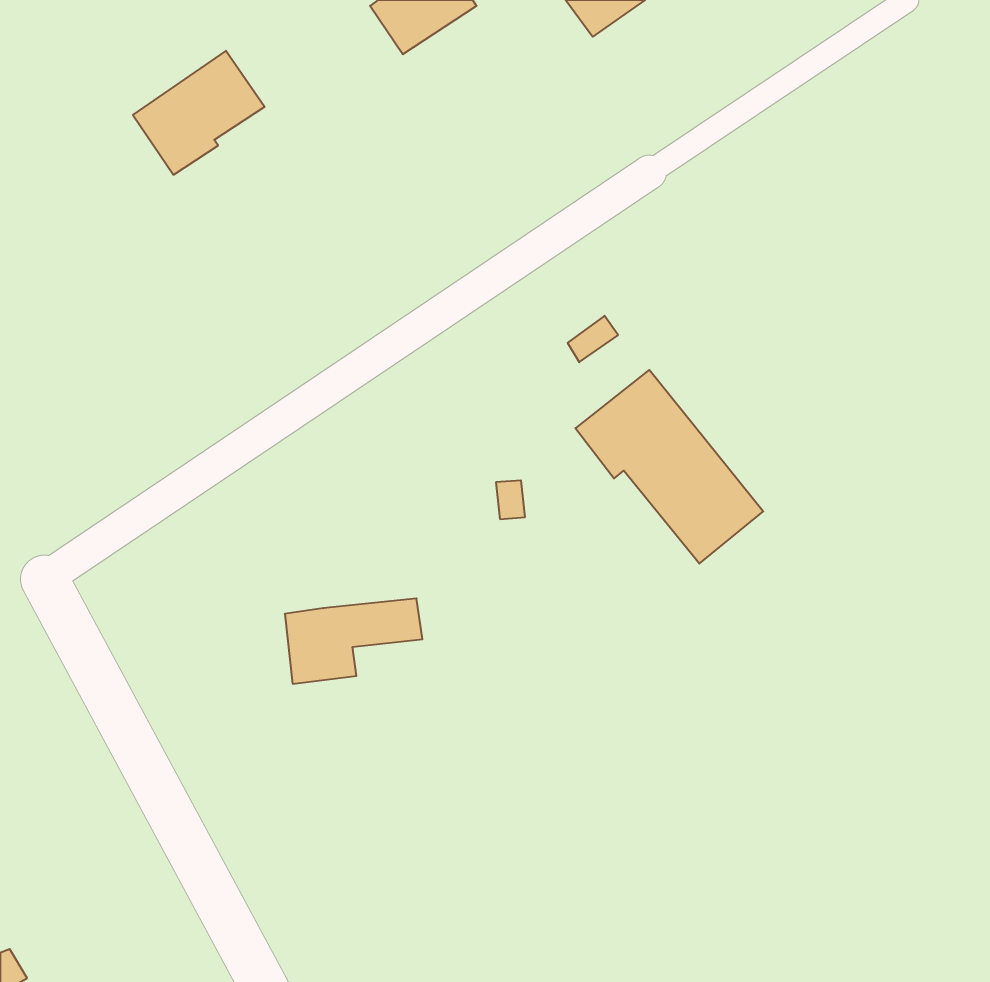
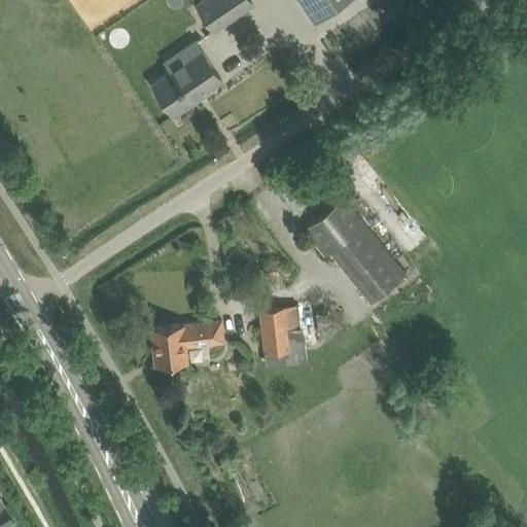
building: [133,51,265,175] -> [152,52,222,118]
building: none -> [259,307,303,355]

